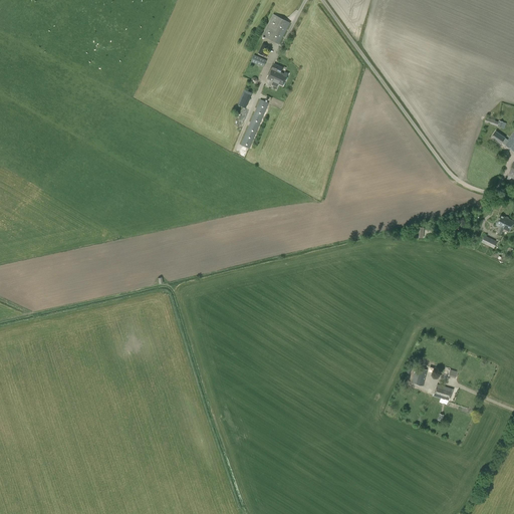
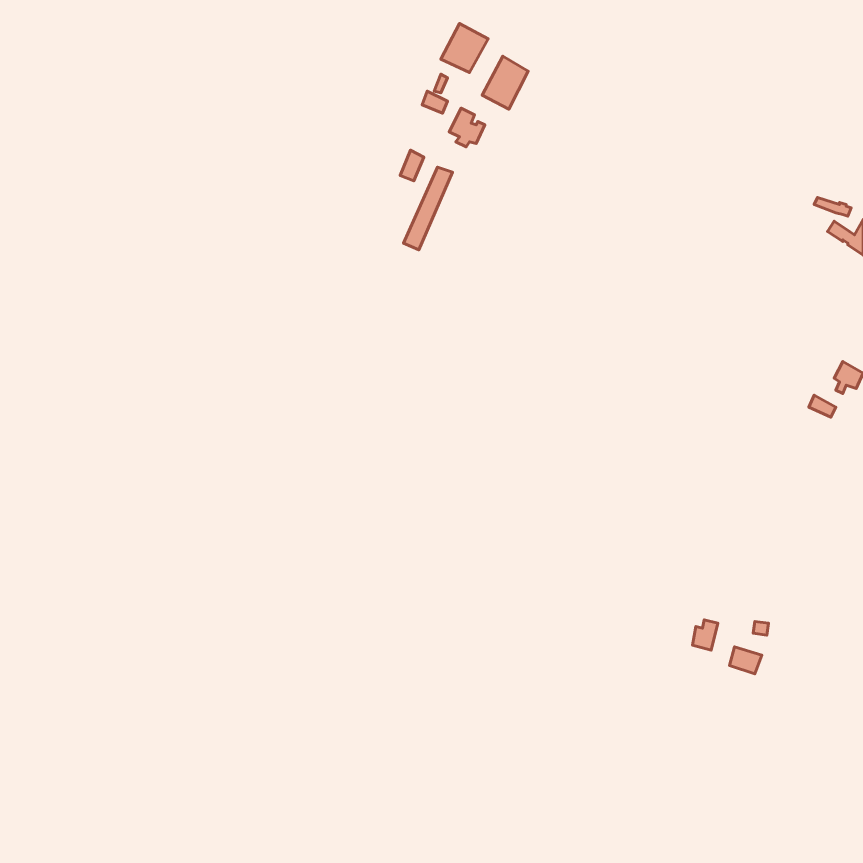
building: none -> [482,56,528,109]

